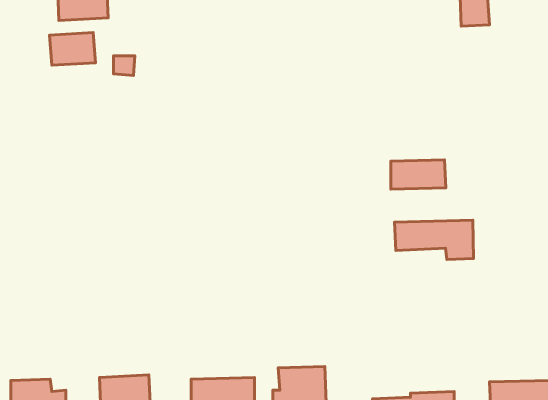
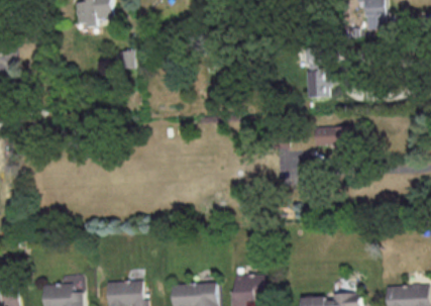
building: [49,33,95,65] -> none
building: none -> [306,49,329,98]
building: [394,220,474,259] -> none

